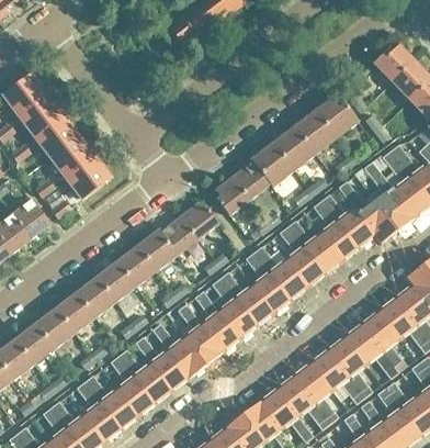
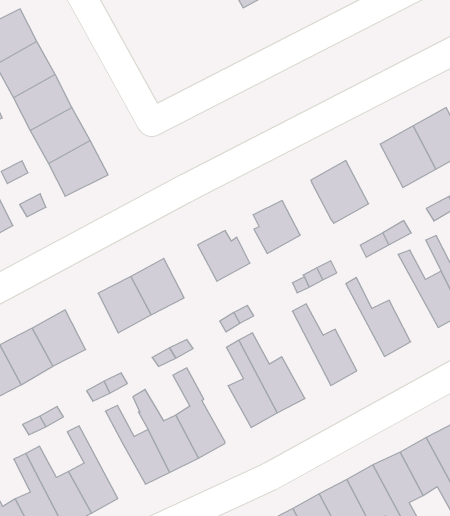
building: [273,126,316,169] -> none
building: [234,161,270,199] -> none
building: [314,201,357,260] -> none
building: [158,217,197,256] -> none
building: [279,227,322,287] -> none
building: [246,253,288,312] -> none
building: [95,262,135,303] -> none
building: [195,292,238,351] -> none
building: [118,351,171,403] -> none

